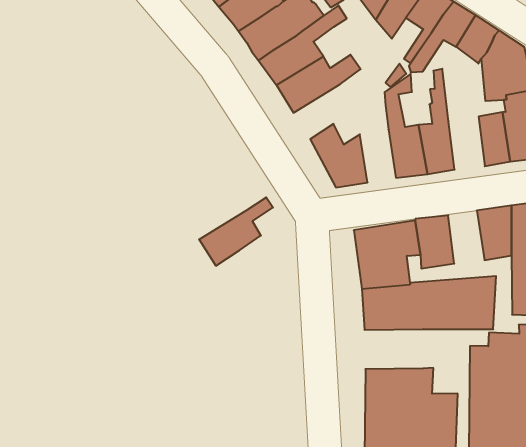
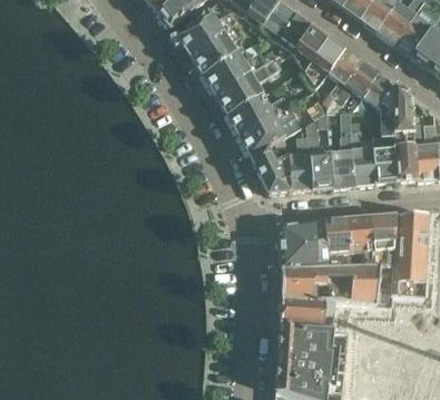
building: none -> [351,111,378,185]
building: none -> [287,135,312,191]
building: [199,197,273,266] -> [239,108,295,156]
building: none -> [349,216,373,254]
building: none -> [281,299,325,330]

